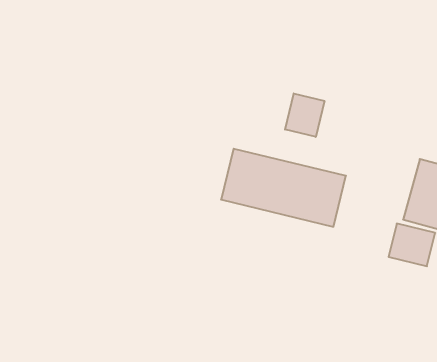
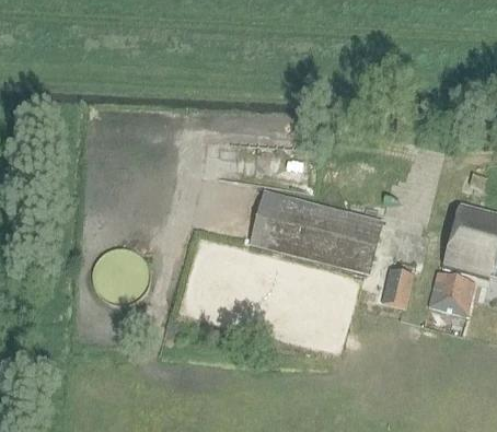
building: [285,93,324,137] -> none
building: none -> [381,268,411,306]

